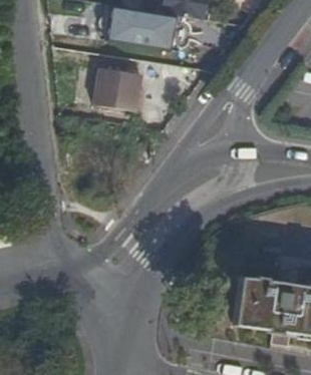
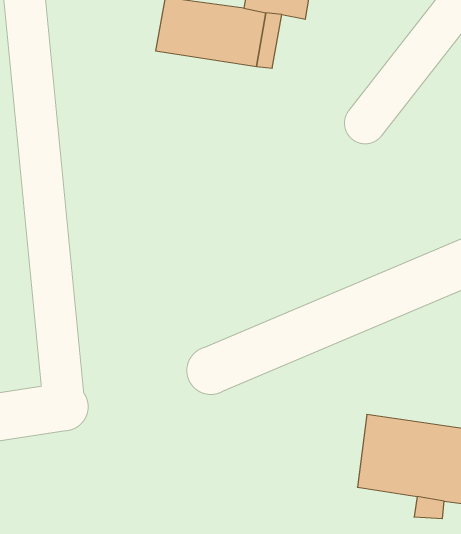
building: [91,68,145,111] -> none

